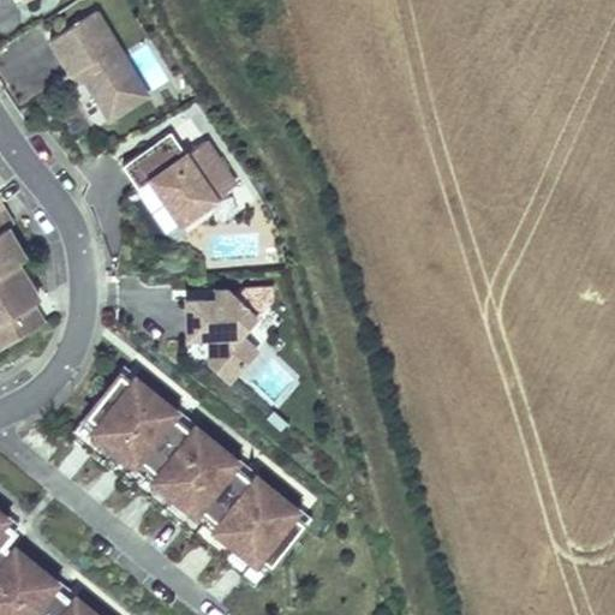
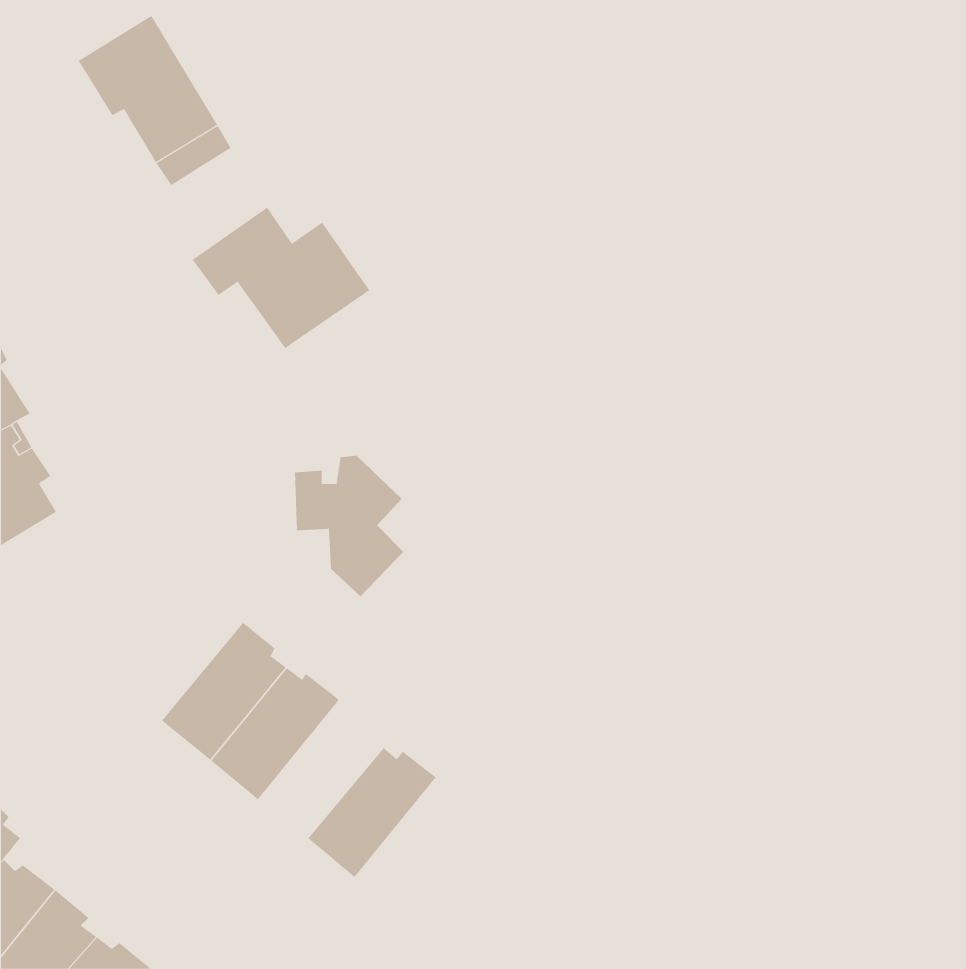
building: [74,374,156,456] -> none
building: [166,443,245,531] -> none
building: [227,492,306,581] -> none

